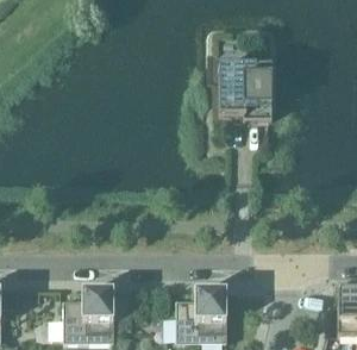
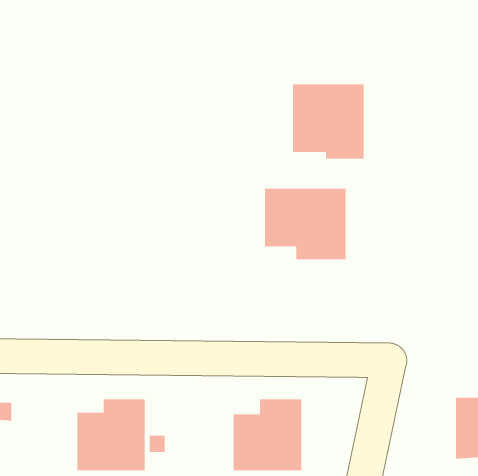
building: none -> [264,188,347,260]

